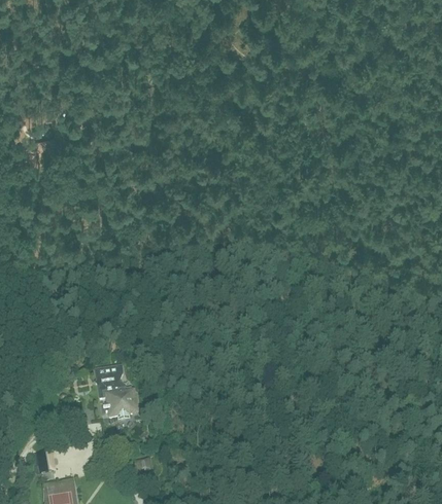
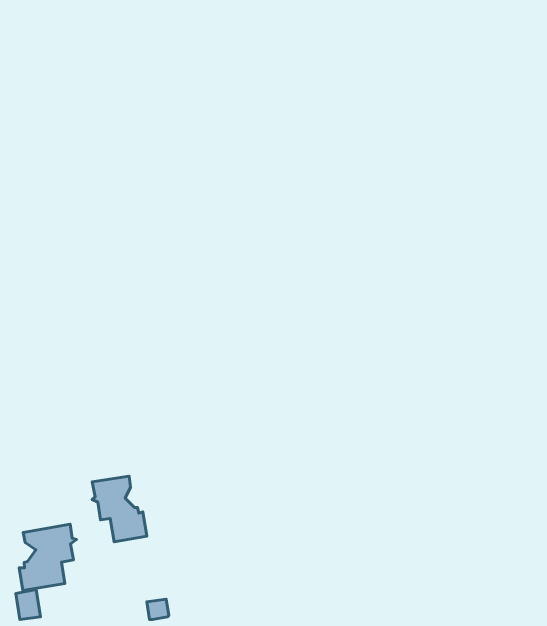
building: none -> [19,524,76,591]

